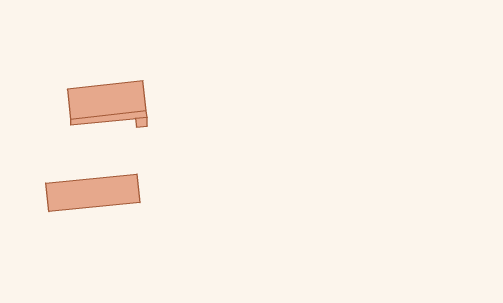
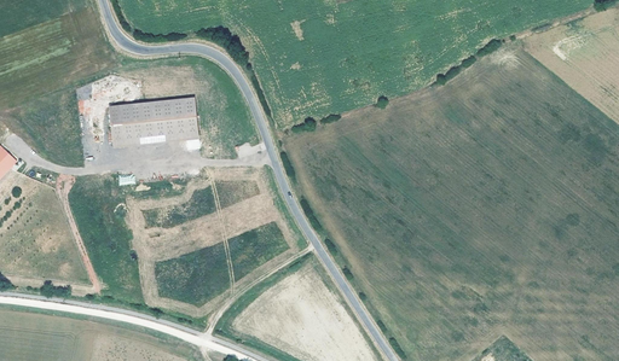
building: [46,174,140,212] -> none

